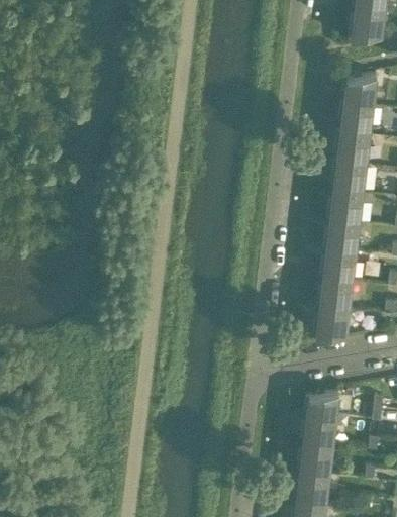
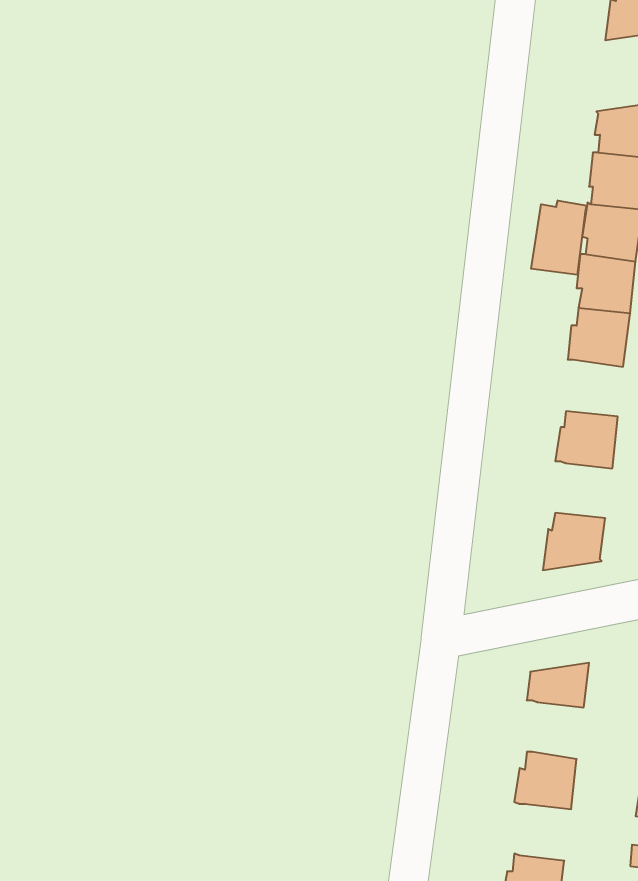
building: none -> [531,200,587,275]
building: [324,219,359,251] -> none
building: [317,277,353,309] -> none
building: [301,412,336,445] -> none
building: [294,471,329,503] -> none

